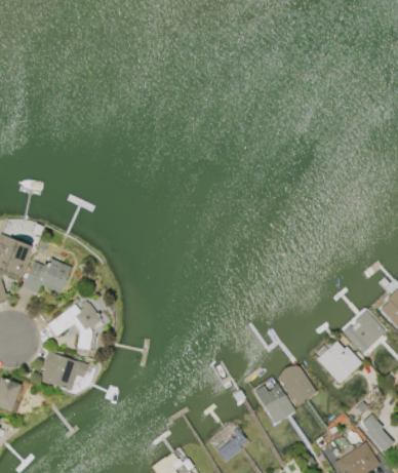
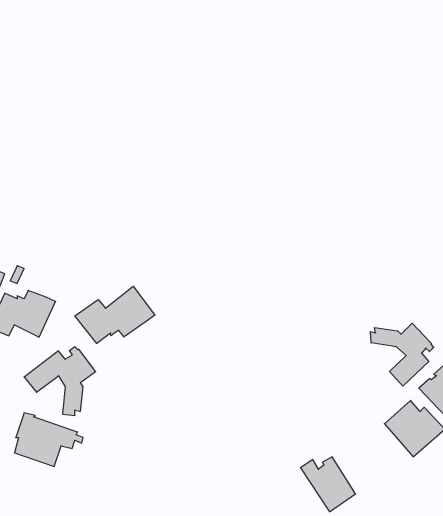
building: none -> [75,286,155,343]
building: none -> [371,323,434,386]
building: [279,365,316,405] -> none

